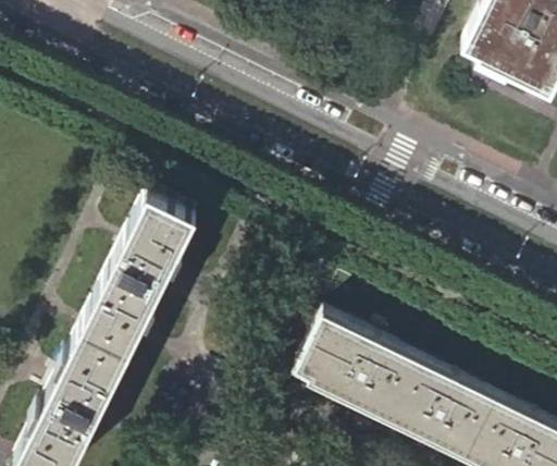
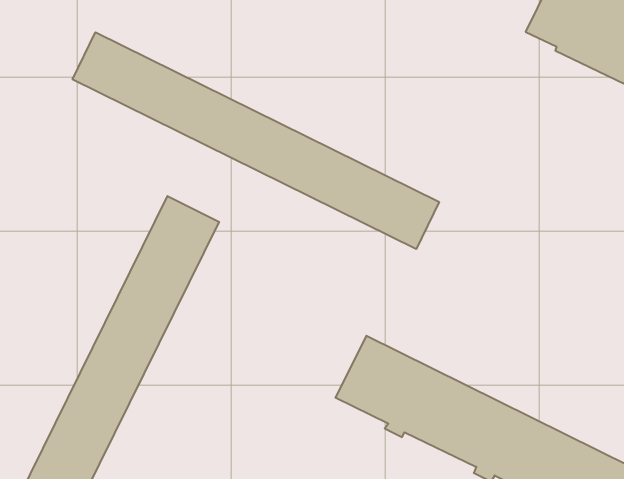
building: none -> [73,32,439,249]

